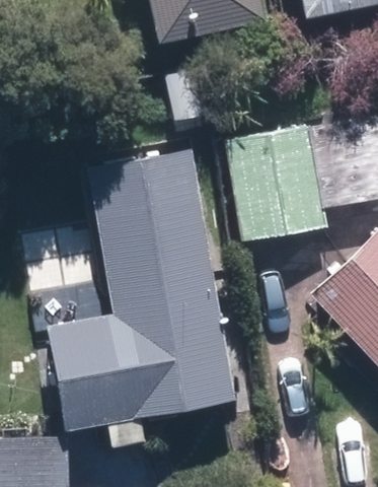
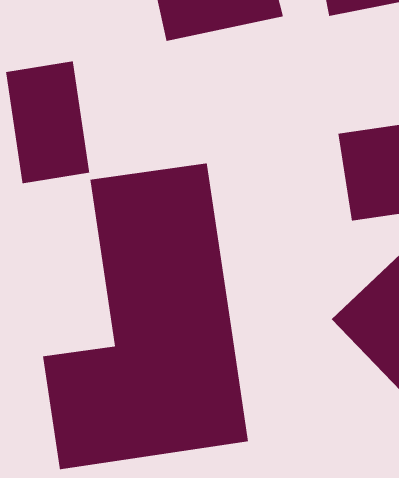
building: none -> [5,61,90,184]
building: [227,125,328,239] -> none

